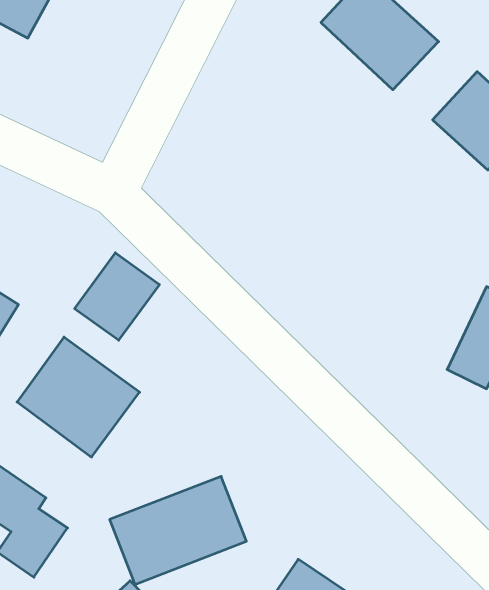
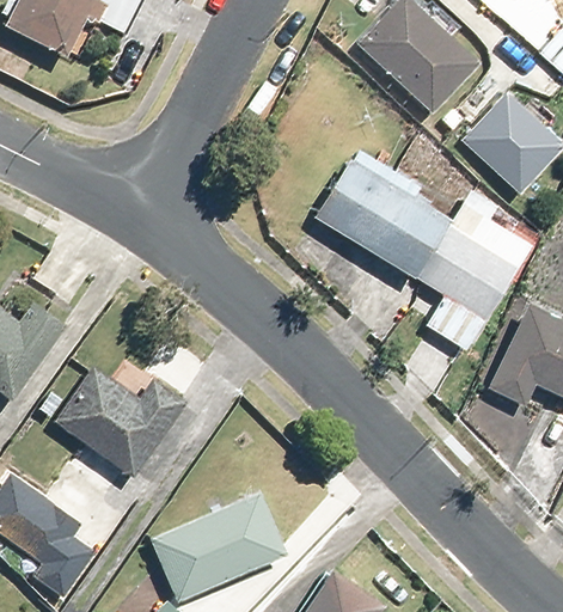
building: none -> [313,158,518,320]
building: [75,253,159,340] -> none

